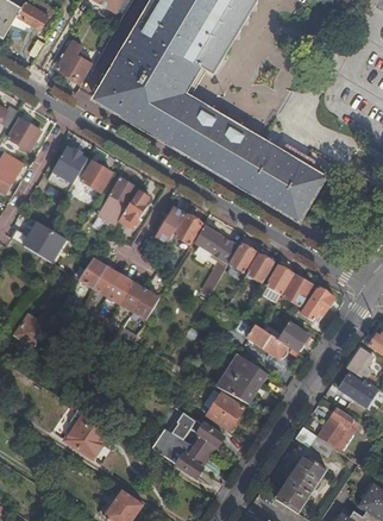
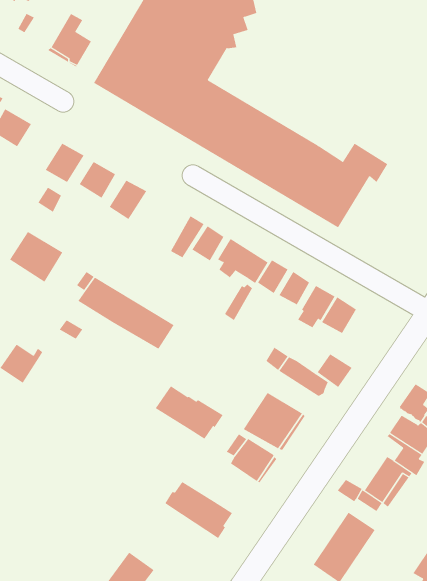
building: [119,190,151,230] -> none
building: [302,288,335,322] -> none
building: [67,410,114,456] -> none
building: [168,412,225,457] -> [155,385,223,440]

